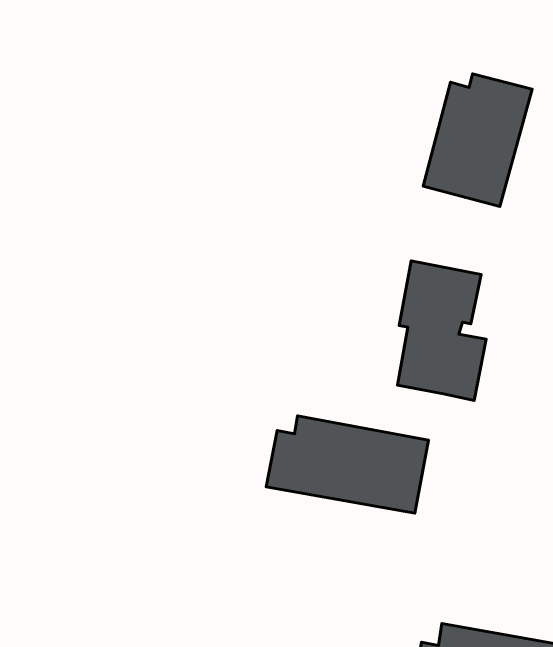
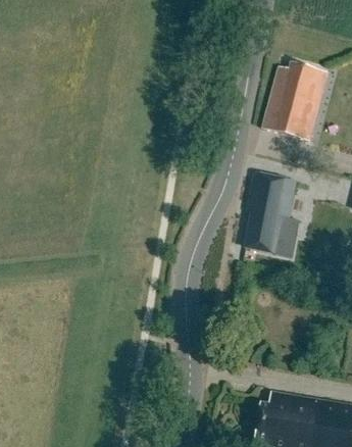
building: [266,416,428,513] -> none

